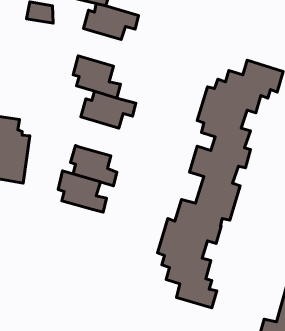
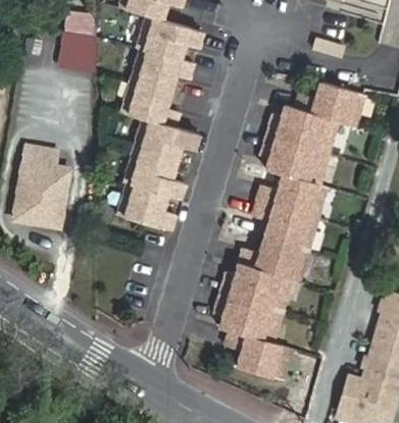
building: none -> [59,33,97,70]
building: none -> [127,47,190,89]
building: [58,171,107,212] -> [124,149,182,198]

